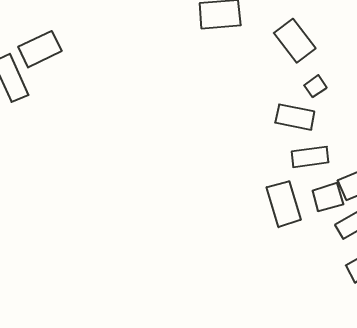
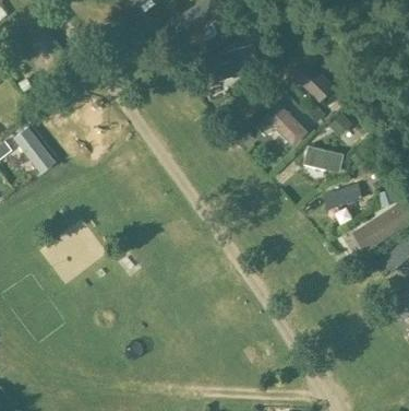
building: [18,31,62,68] -> none
building: none -> [262,102,308,146]
building: [267,181,301,227] -> none

